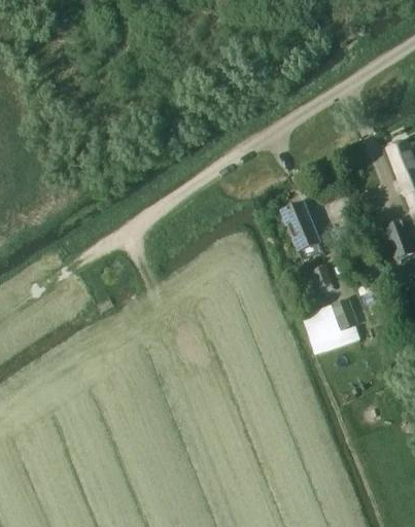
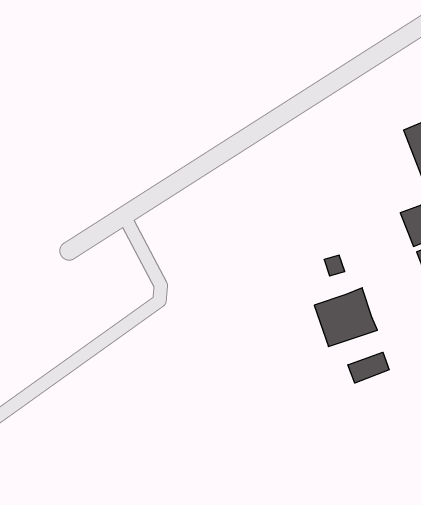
building: [283,203,322,259] -> none
building: none -> [348,352,389,383]

